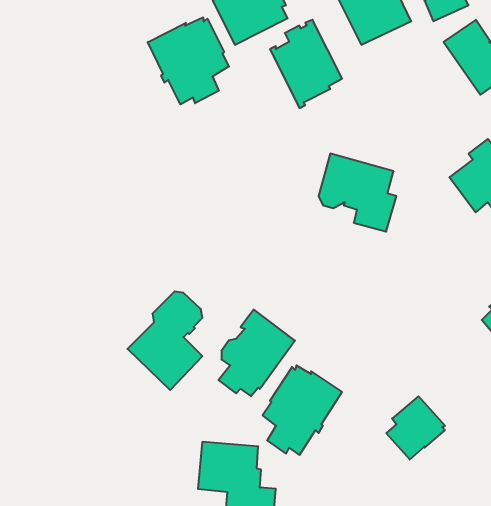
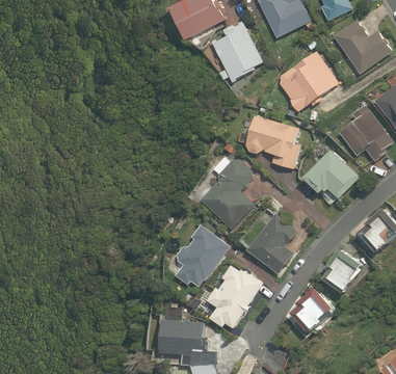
building: [148,17,229,104] -> none
building: none -> [281,51,338,112]
building: none -> [306,150,361,199]
building: [127,291,202,390] -> [200,159,253,229]
building: none -> [246,213,297,274]
building: none -> [323,247,363,293]

